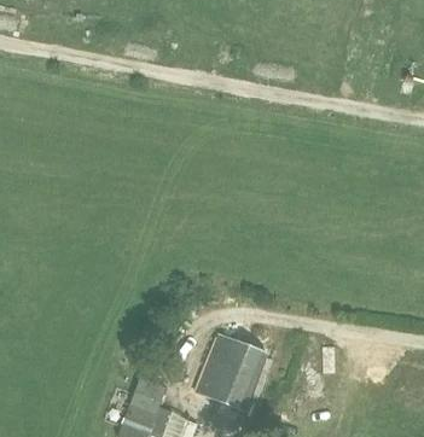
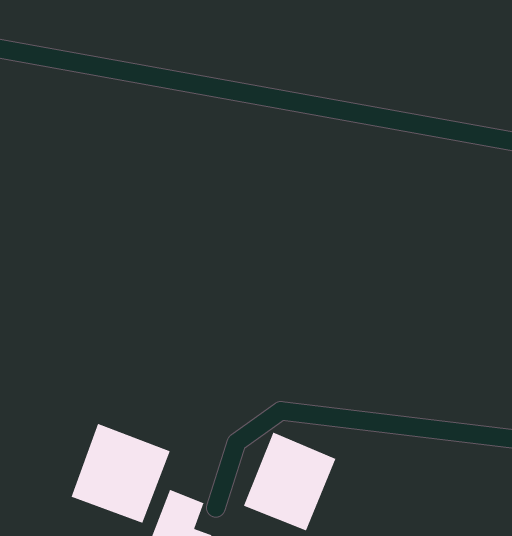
building: none -> [70,423,171,524]

